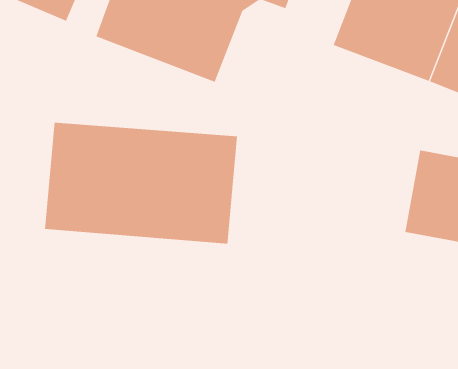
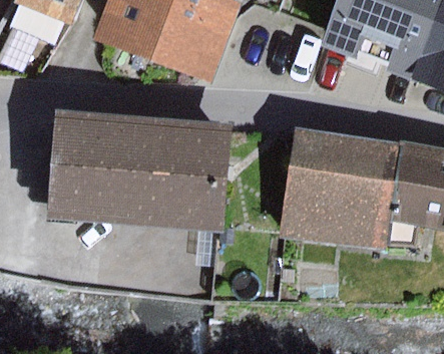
building: none -> [279,126,401,251]

